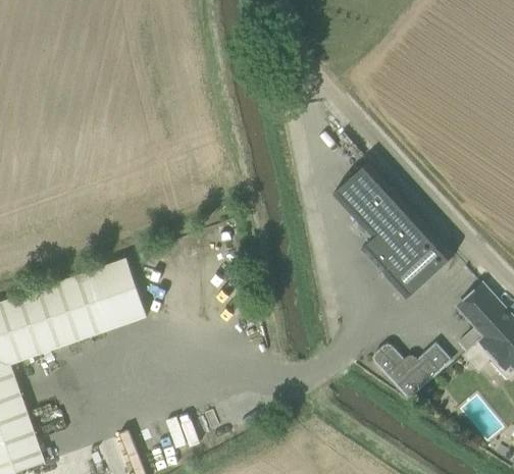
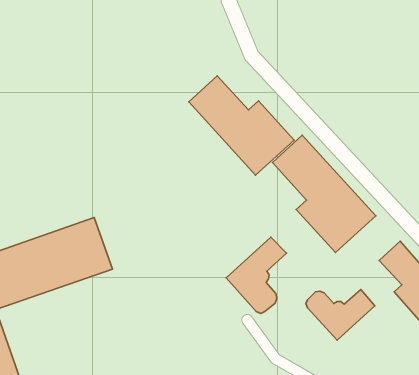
building: none -> [189,76,294,175]
building: none -> [226,237,286,314]

